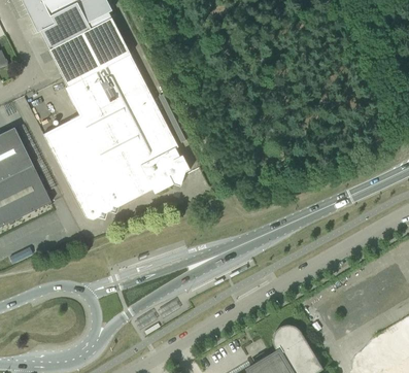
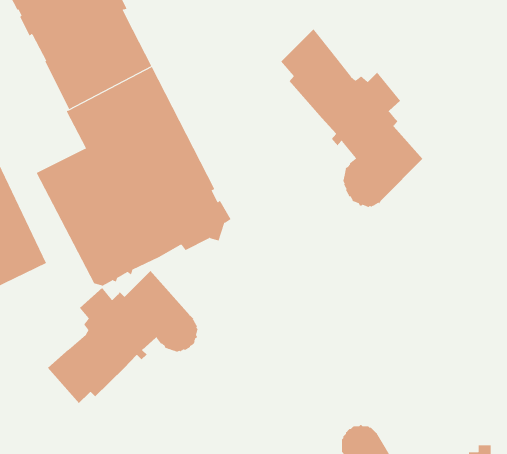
building: none -> [281,29,423,208]
building: none -> [47,270,198,404]

